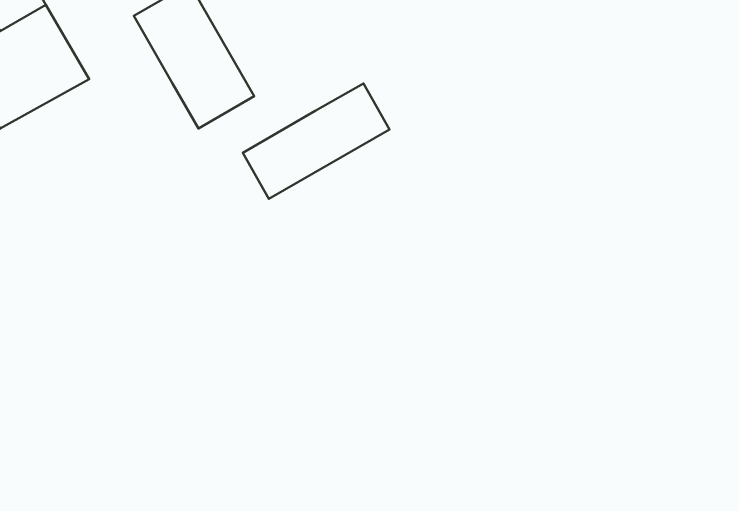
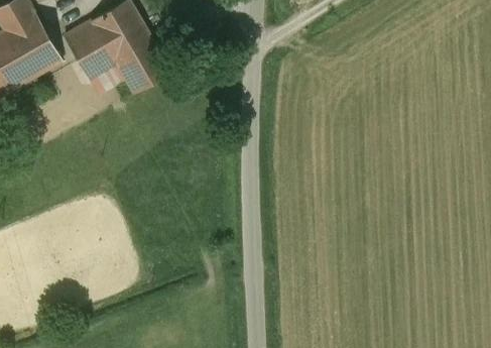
building: none -> [64,19,117,80]
building: [243,83,389,199] -> none

